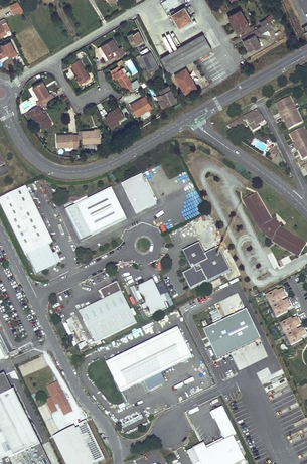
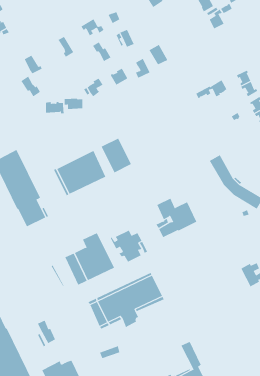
building: [161,33,210,71] -> none
building: [265,288,292,316] -> none
building: [203,310,259,358] -> none

